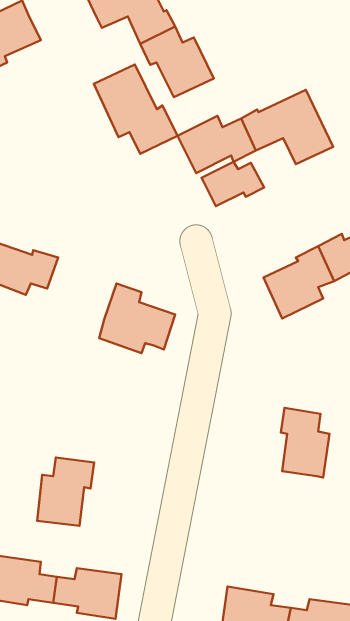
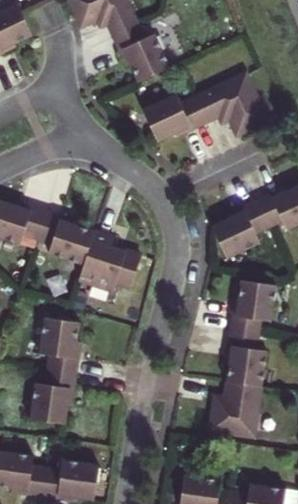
building: [94,64,178,154] -> none
building: [201,162,264,206] -> none
building: none -> [39,210,95,260]
building: none -> [230,281,277,336]
building: none -> [39,319,79,375]
building: none -> [210,382,256,437]

